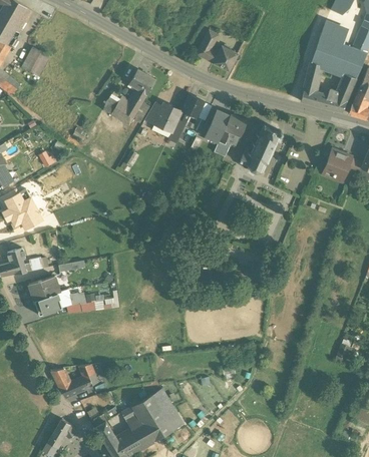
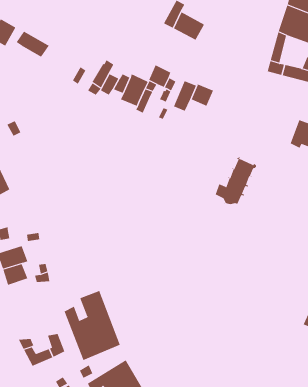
building: none -> [16,31,49,57]
building: [128,69,155,94] -> none
building: [240,123,282,173] -> [215,157,257,207]
building: [214,129,240,156] -> none
building: none -> [64,290,120,361]

